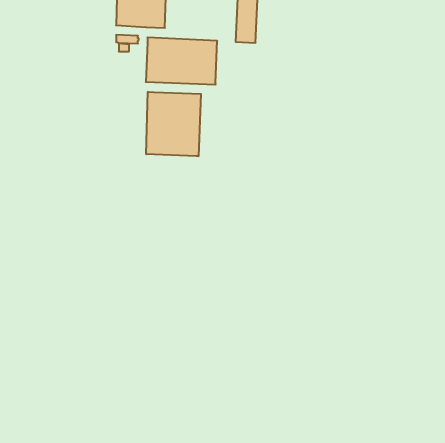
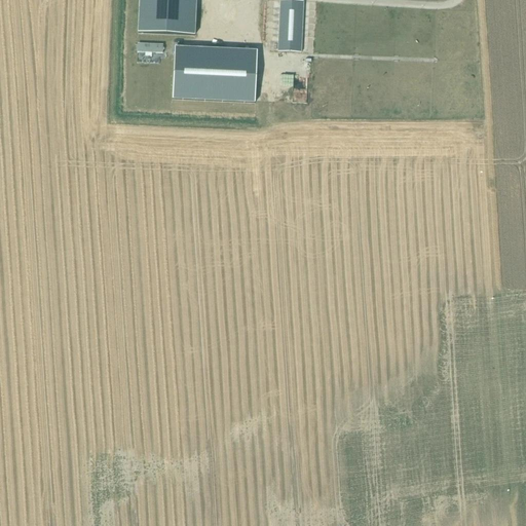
building: [146,92,201,156] -> none

